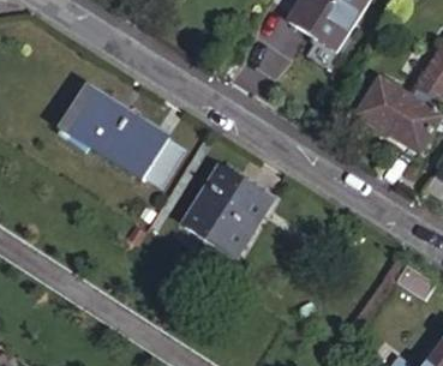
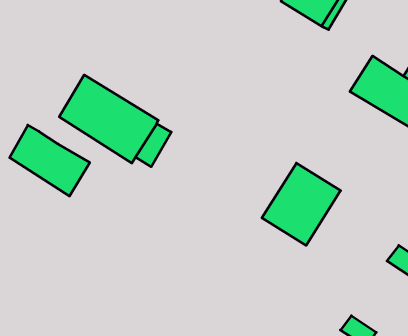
building: none -> [10,125,90,196]
building: [185,170,264,253] -> [262,163,341,245]

